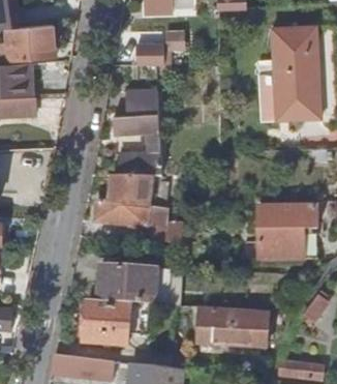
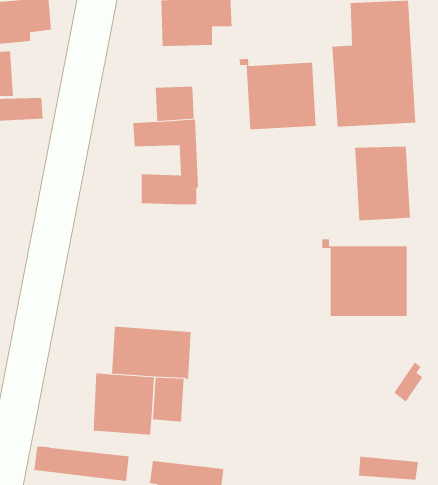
building: none -> [239,58,316,130]
building: none -> [354,146,411,221]
building: [94,176,179,243] -> none
building: [197,308,268,349] -> none

